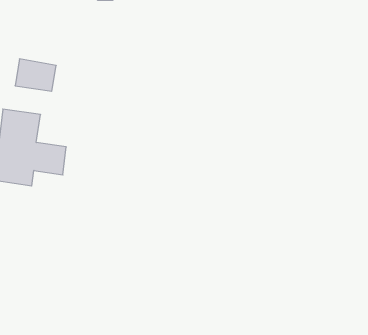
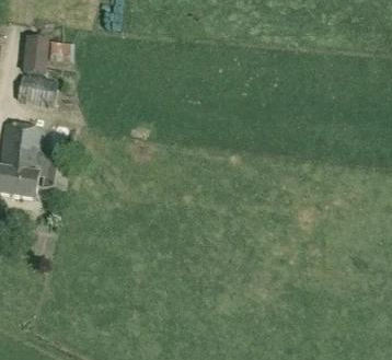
building: none -> [21,34,47,73]

